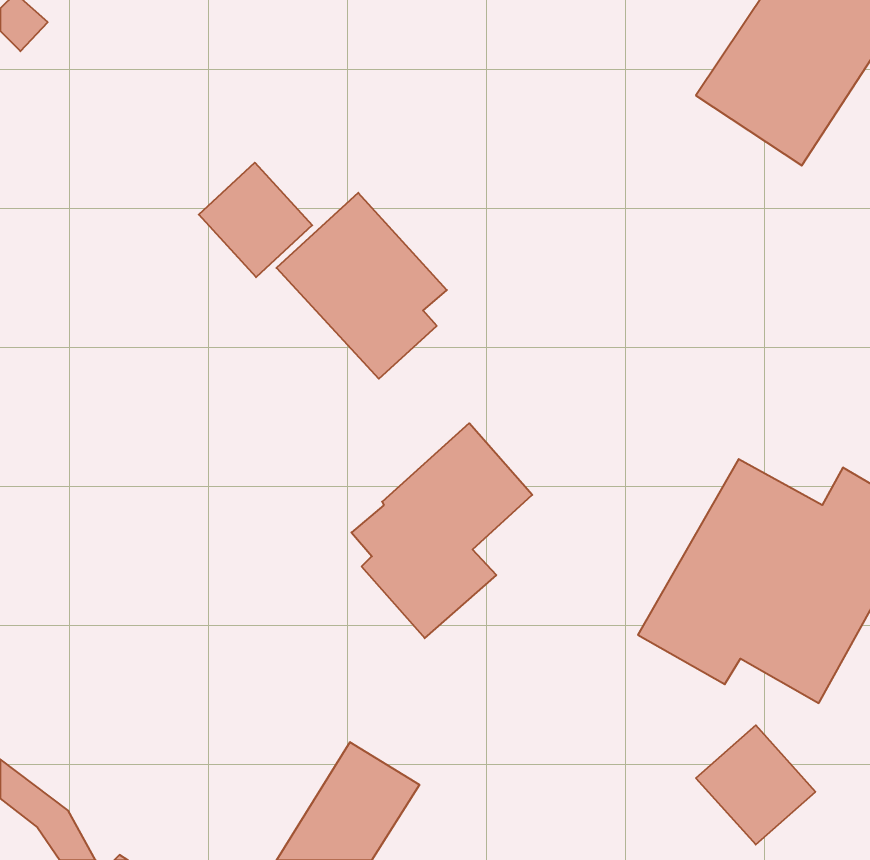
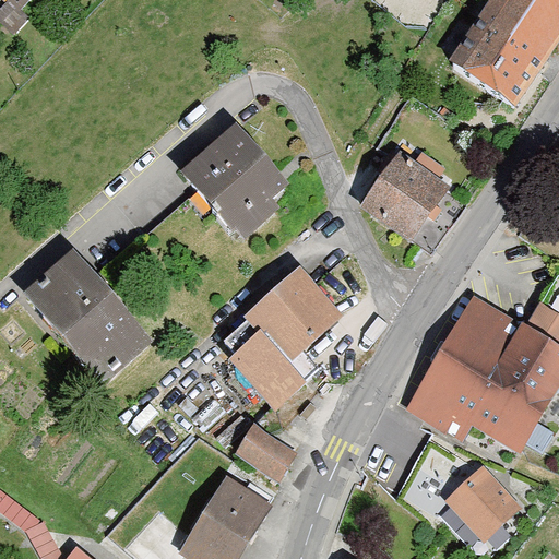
building: [199,163,312,277] -> none
building: none -> [359,152,449,241]
building: none -> [20,251,148,386]
building: none -> [235,424,296,479]

